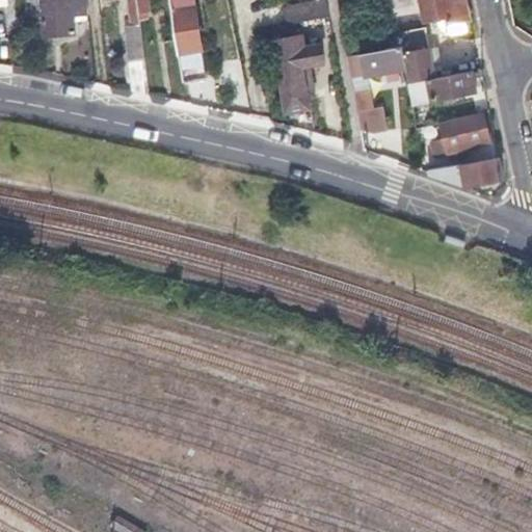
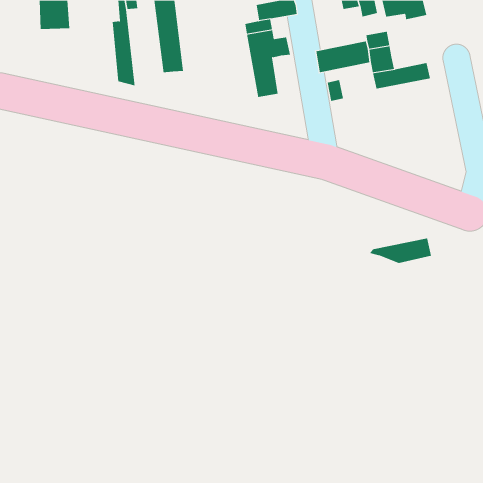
building: [445,116,490,157] -> none
building: [434,157,503,185] -> [369,238,432,264]

